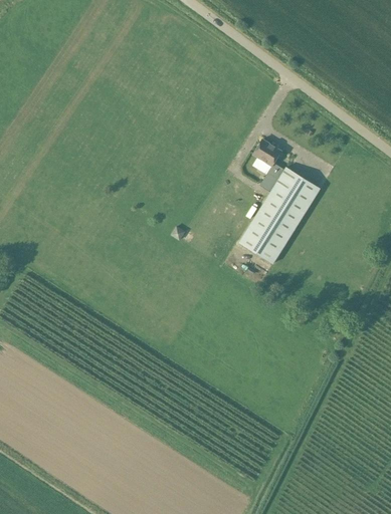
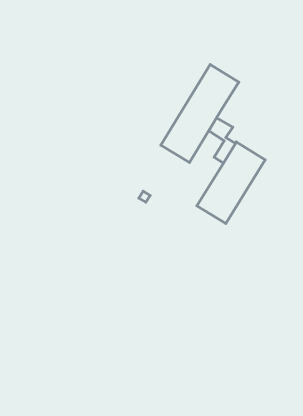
building: none -> [161,65,239,163]

